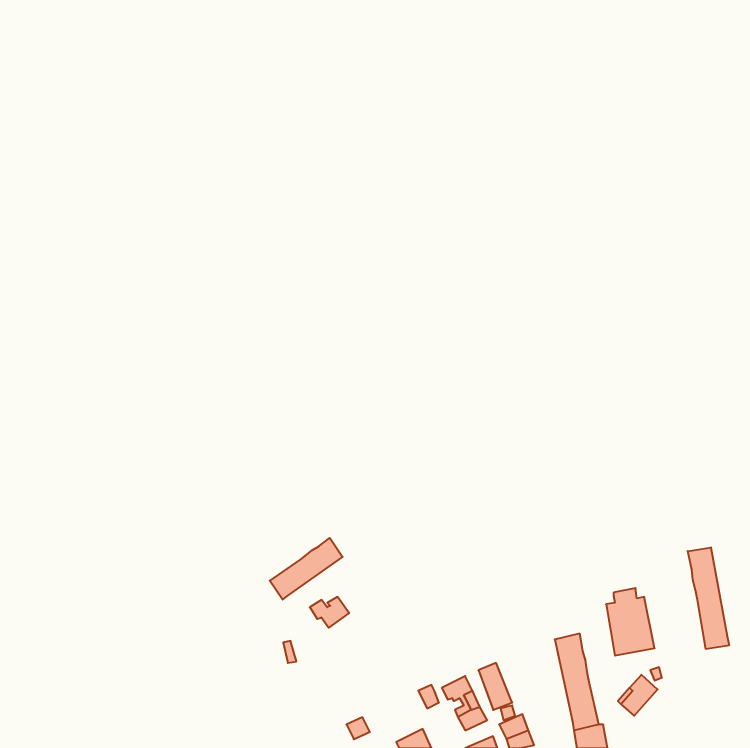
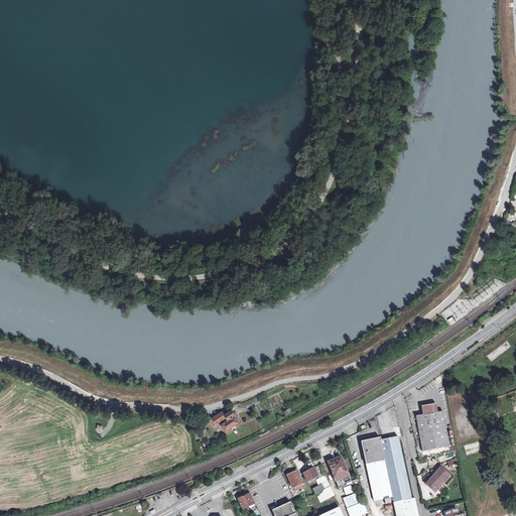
building: [270,538,343,600] -> none
building: [688,547,729,649] -> none
building: none -> [361,437,393,500]

